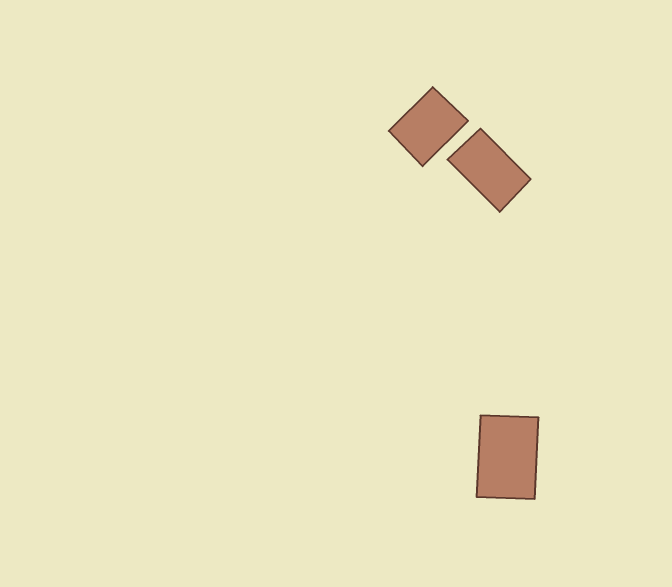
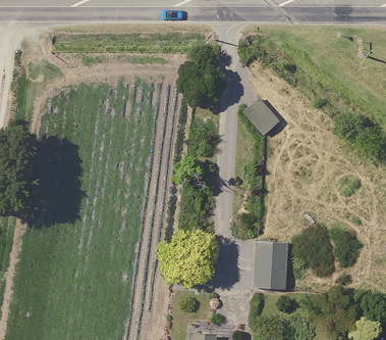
building: [389,87,468,166] -> none

